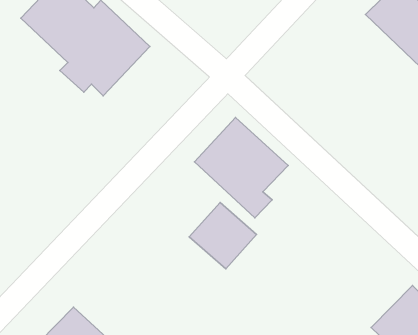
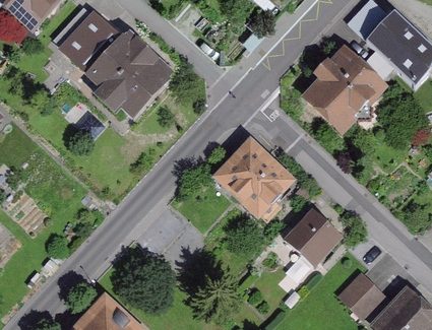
building: none -> [308,56,380,131]
building: [189,202,257,269] -> [284,208,344,267]
building: none -> [336,272,386,320]

